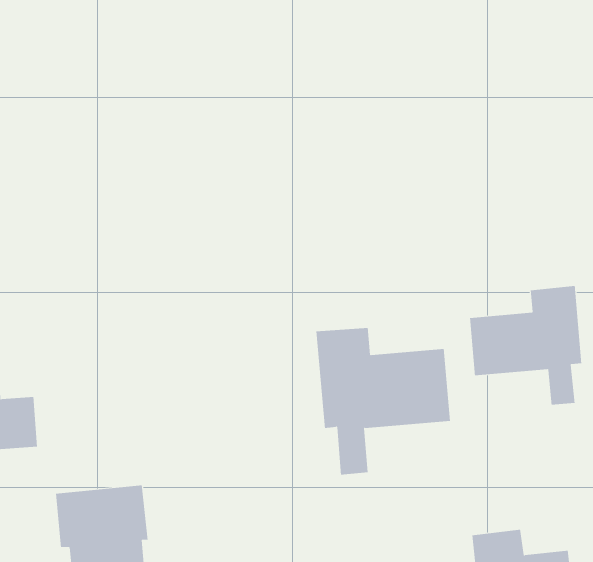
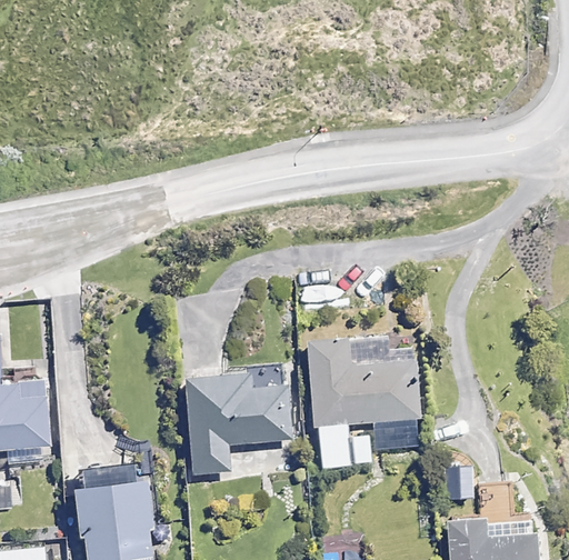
building: [469,285,582,406] -> none
building: none -> [187,372,287,473]

